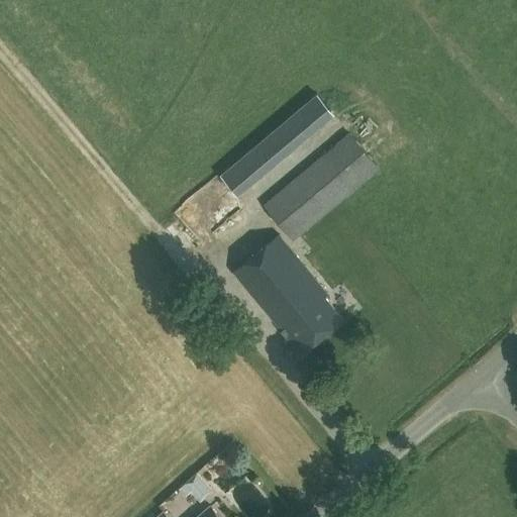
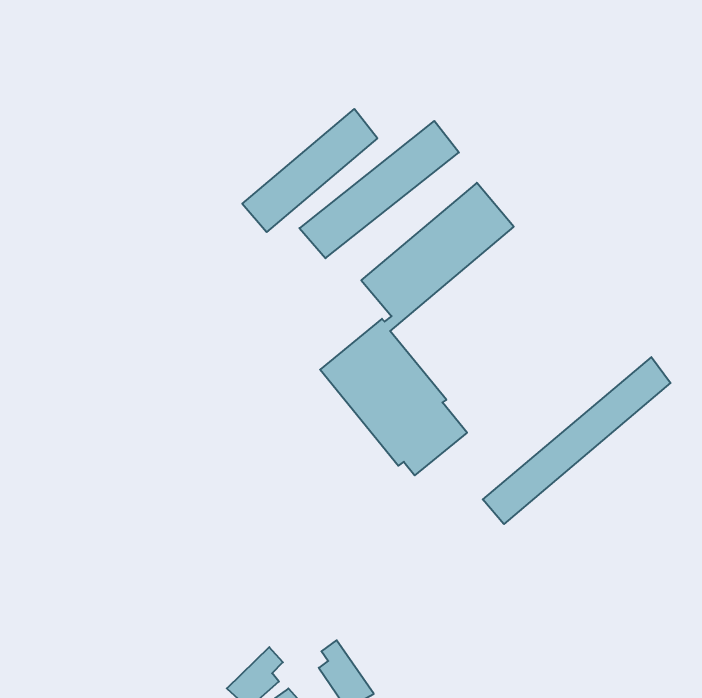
building: none -> [242,109,377,232]
building: none -> [483,357,671,524]

